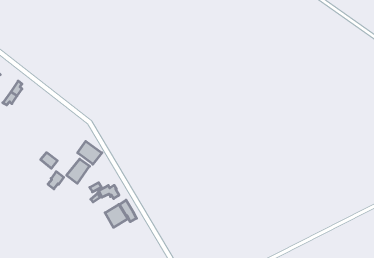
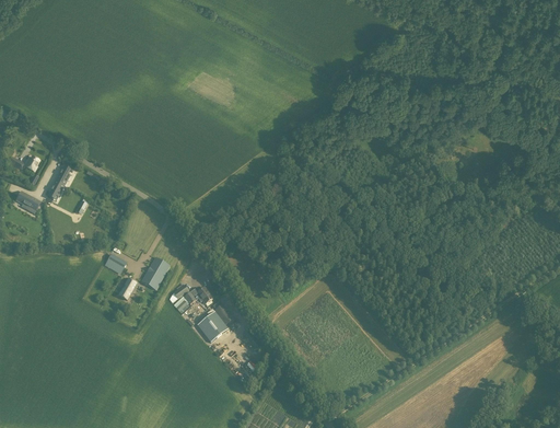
building: [78,141,102,164] -> none

